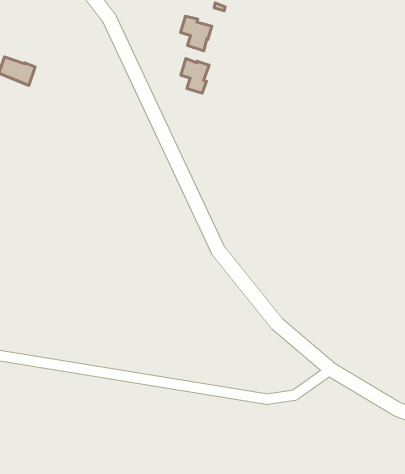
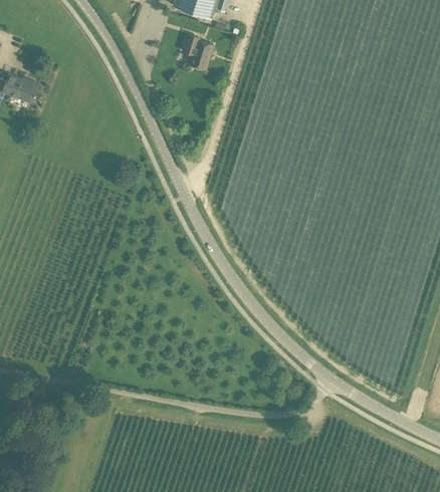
building: [181,59,209,93] -> none

